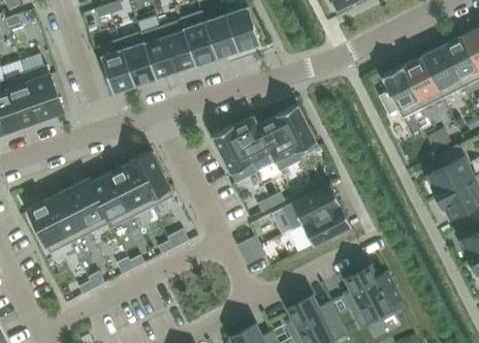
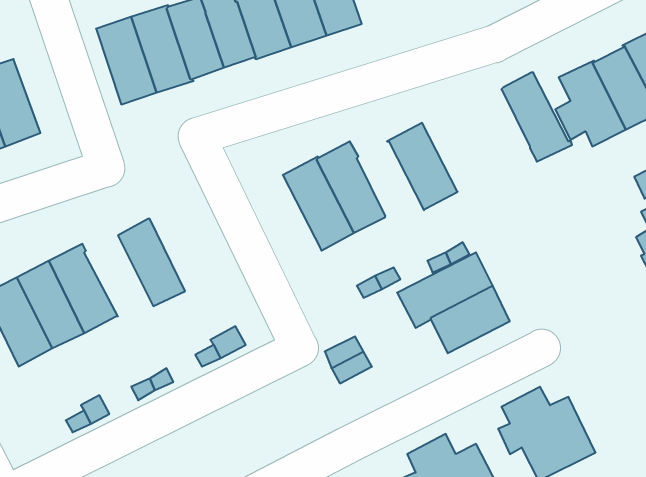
building: [257,117,300,172] -> [501,72,572,162]
building: [129,153,172,209] -> none
building: [90,175,132,228] -> none

